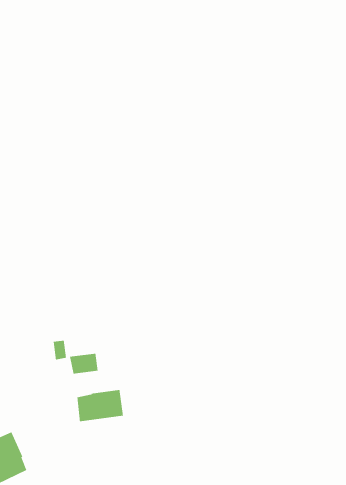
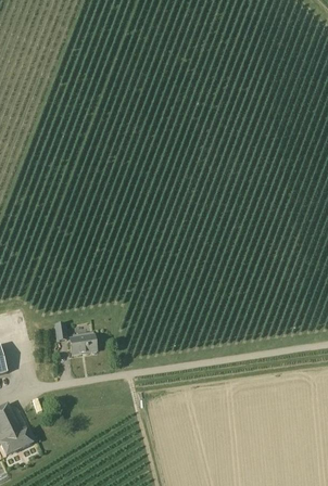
building: [77,389,124,422] -> none

